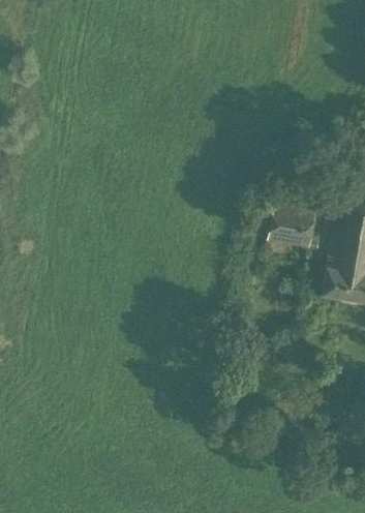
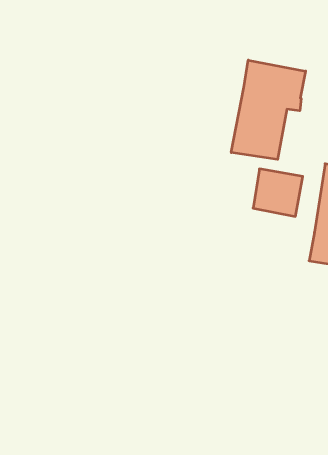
building: none -> [231,60,306,159]

